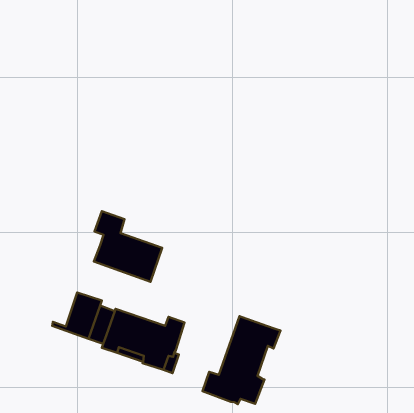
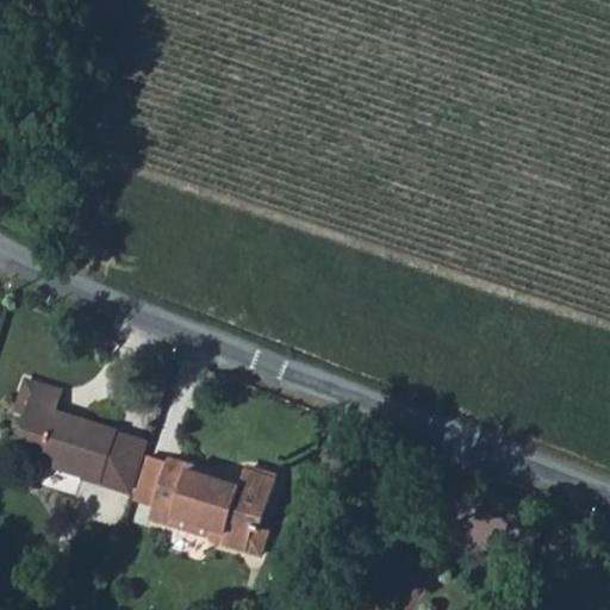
building: [94,211,162,282] -> [15,379,116,483]
building: [203,316,280,404] -> none

